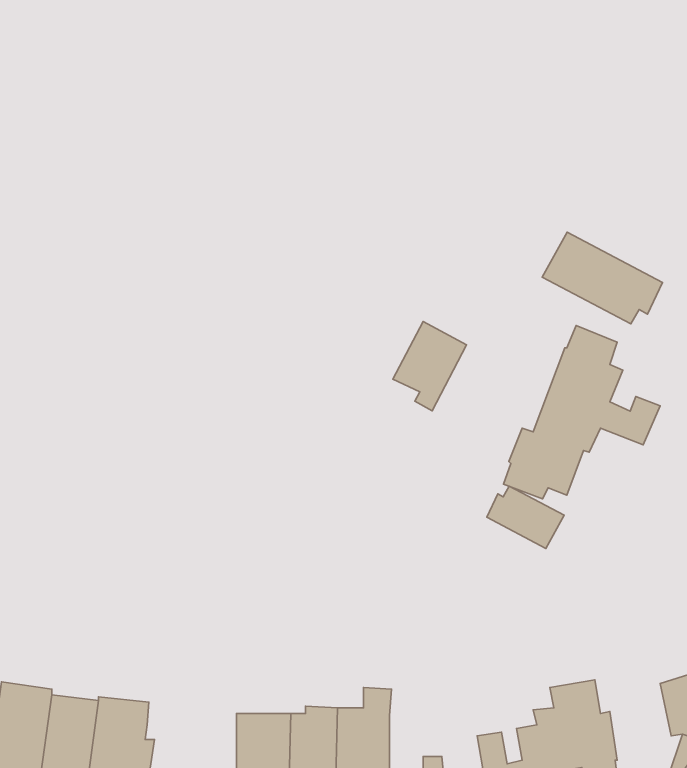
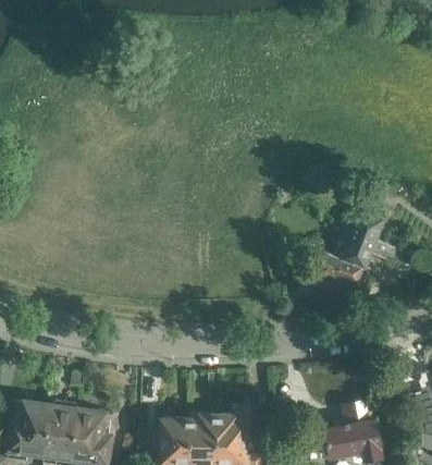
building: [542,232,662,324] -> none
building: [393,321,466,411] -> none
building: [487,486,564,548] -> none

